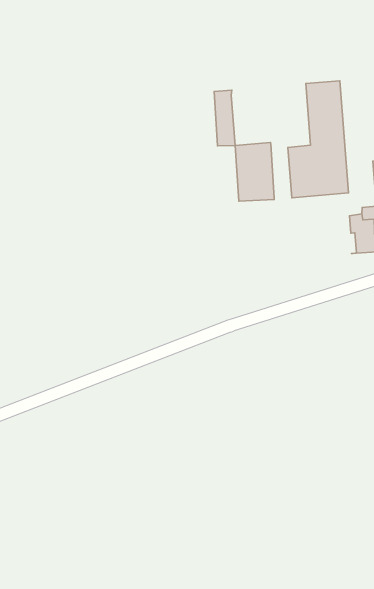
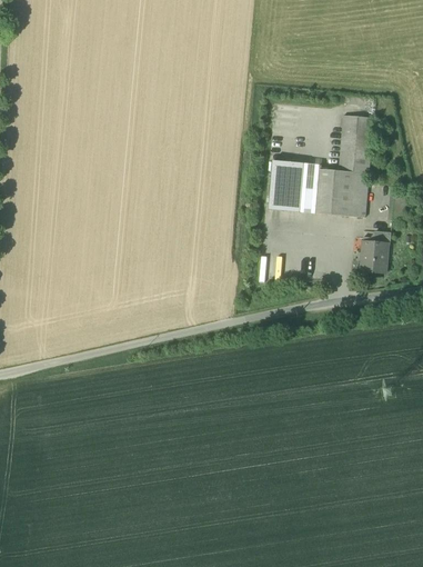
building: [214,90,235,146] -> [300,162,320,212]

